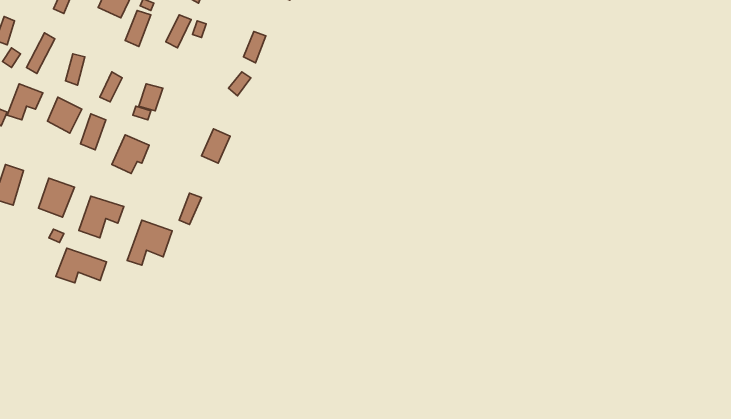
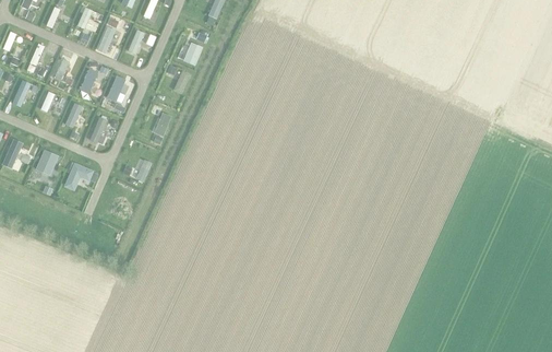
building: [127,220,172,265] -> none
building: [56,248,106,283] -> none

